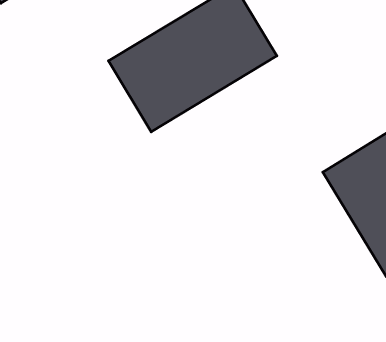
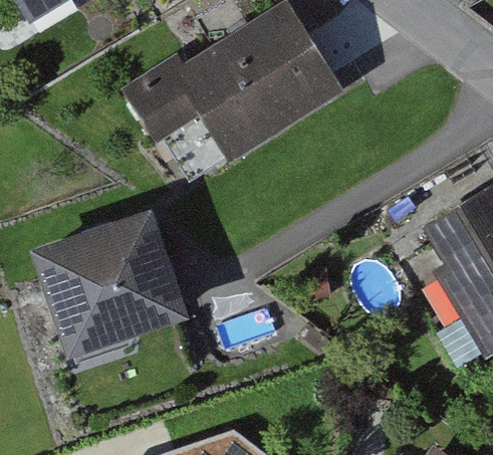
building: none -> [27,212,185,356]

